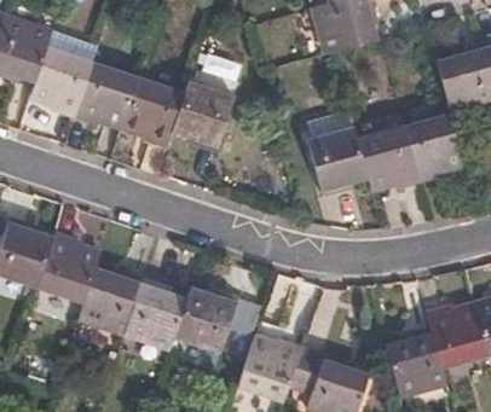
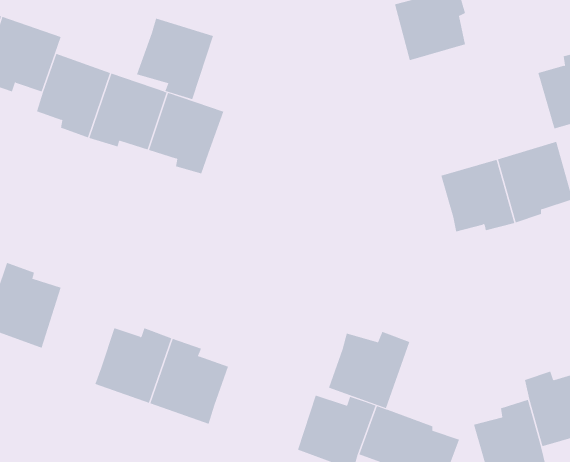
building: [171,82,233,149] -> [136,18,214,100]
building: [307,118,368,198] -> none
building: [35,232,98,302] -> none
building: [175,286,242,349] -> [328,331,410,409]

